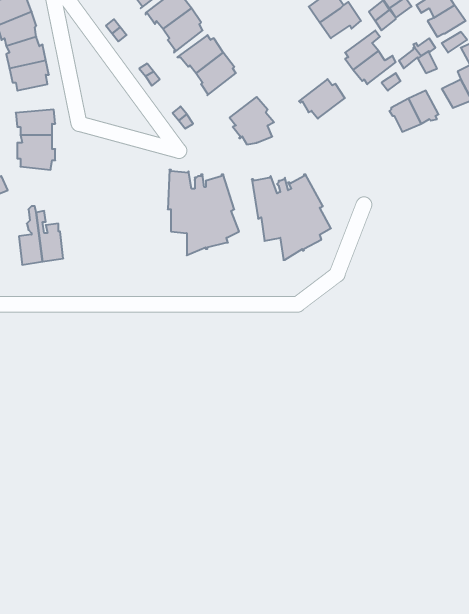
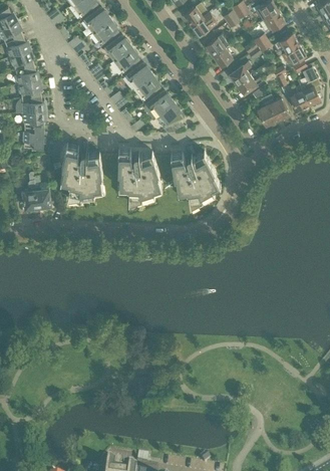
building: [299,79,345,119] -> [143,90,173,115]
building: none -> [15,94,44,112]
building: none -> [59,144,102,199]

